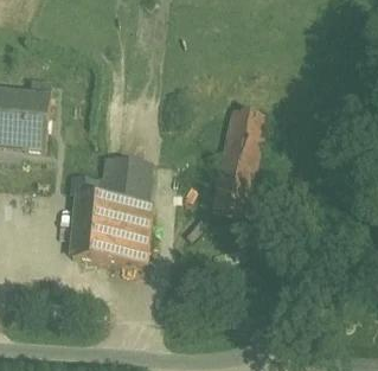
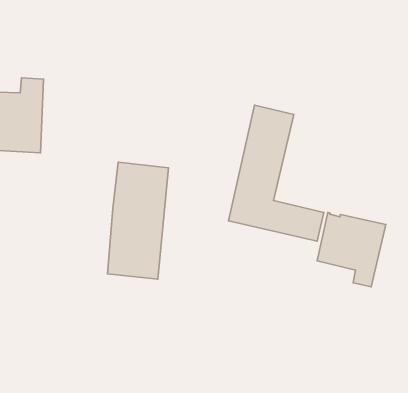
building: [70,192,110,251] -> none
building: none -> [317,212,386,287]

